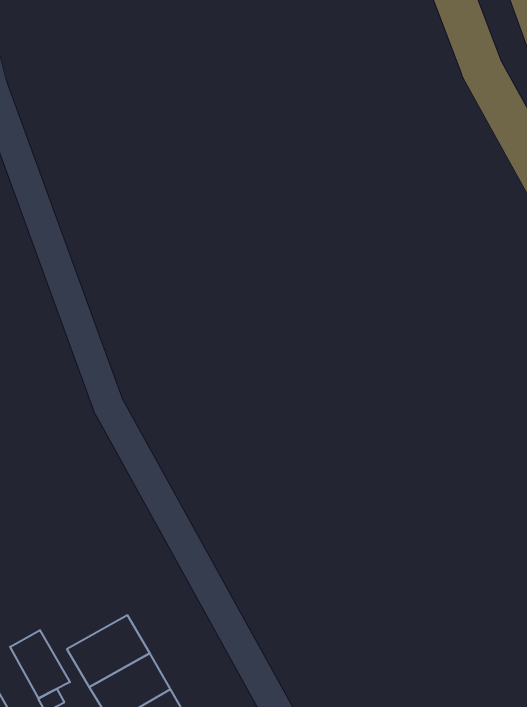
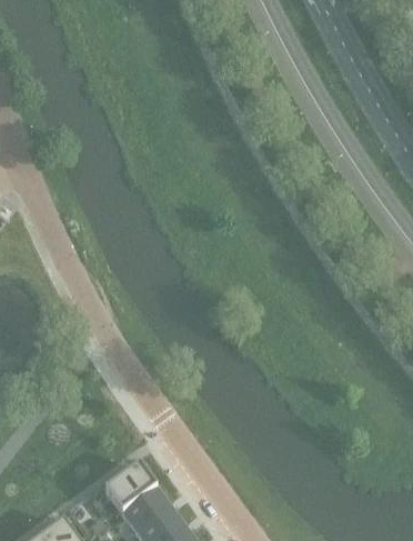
building: [10,630,70,698] -> none

